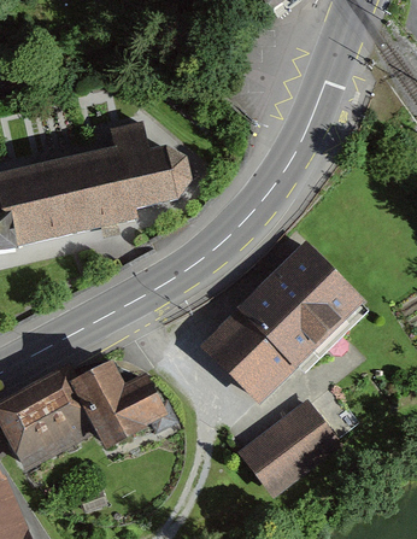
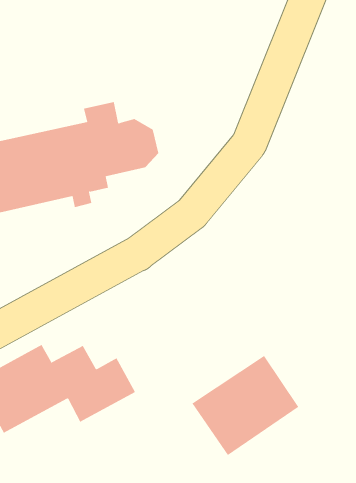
building: [210,247,352,391] -> none

